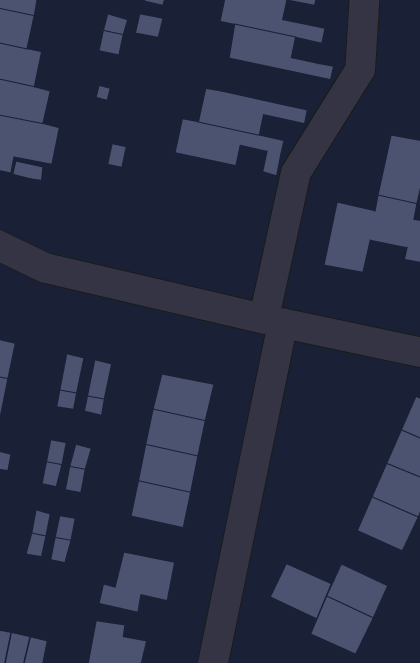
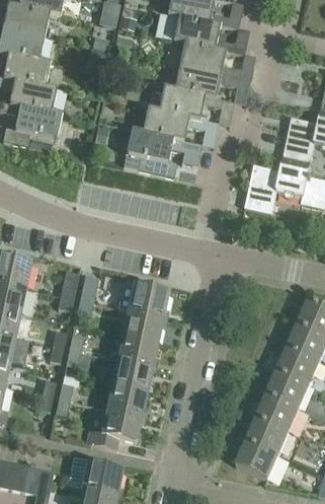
building: none -> [173,65,249,97]
building: none -> [123,129,201,176]
building: none -> [105,383,147,416]
building: [270,563,332,619] -> [256,393,299,432]

